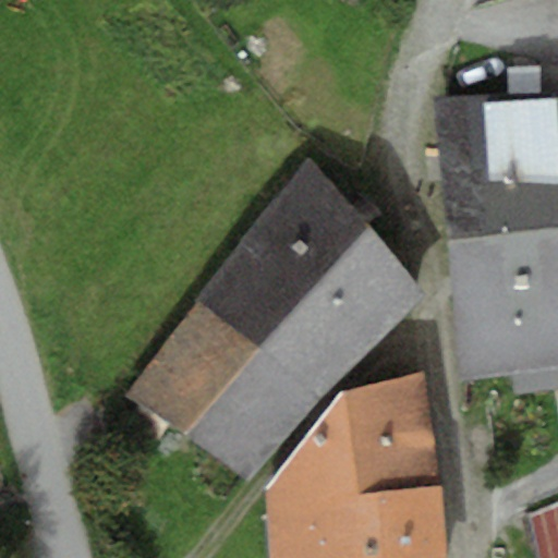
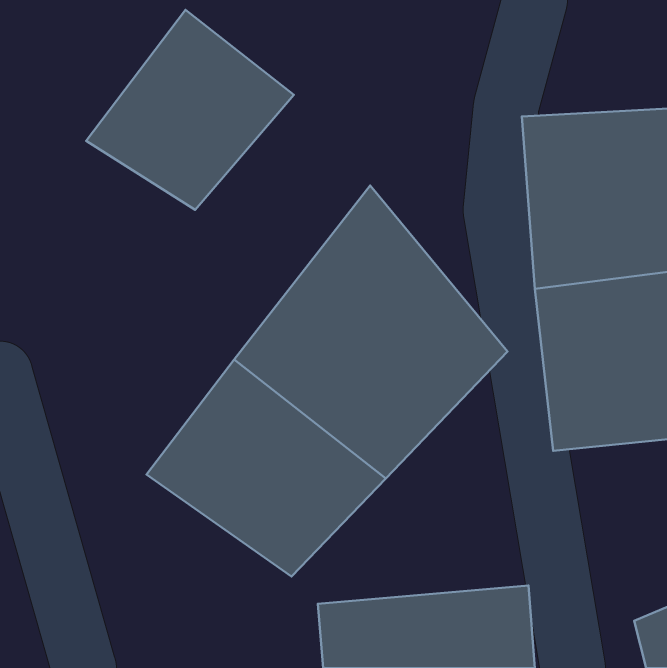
building: none -> [86,10,294,210]
building: [265,372,441,504] -> none

